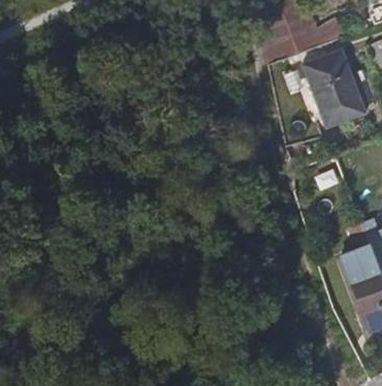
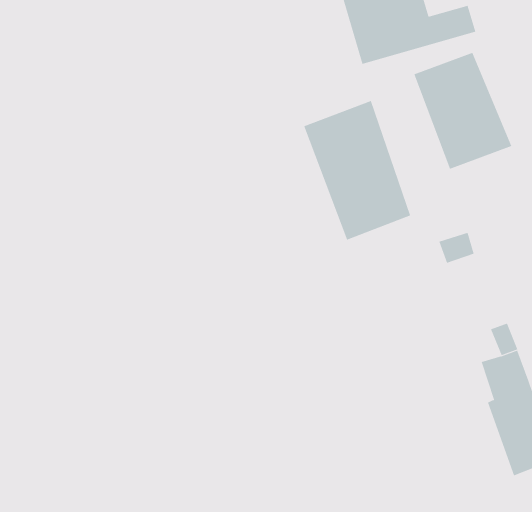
building: none -> [304,100,411,241]

